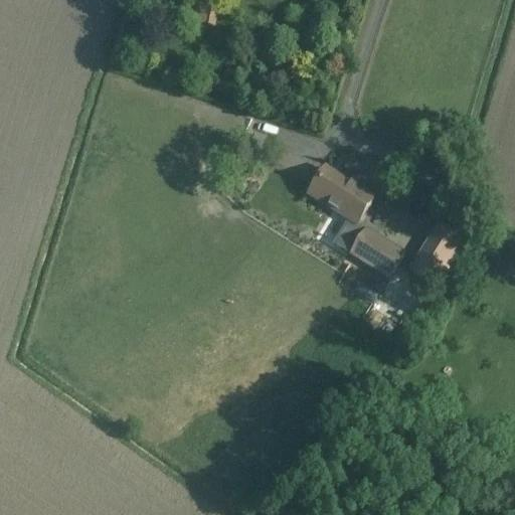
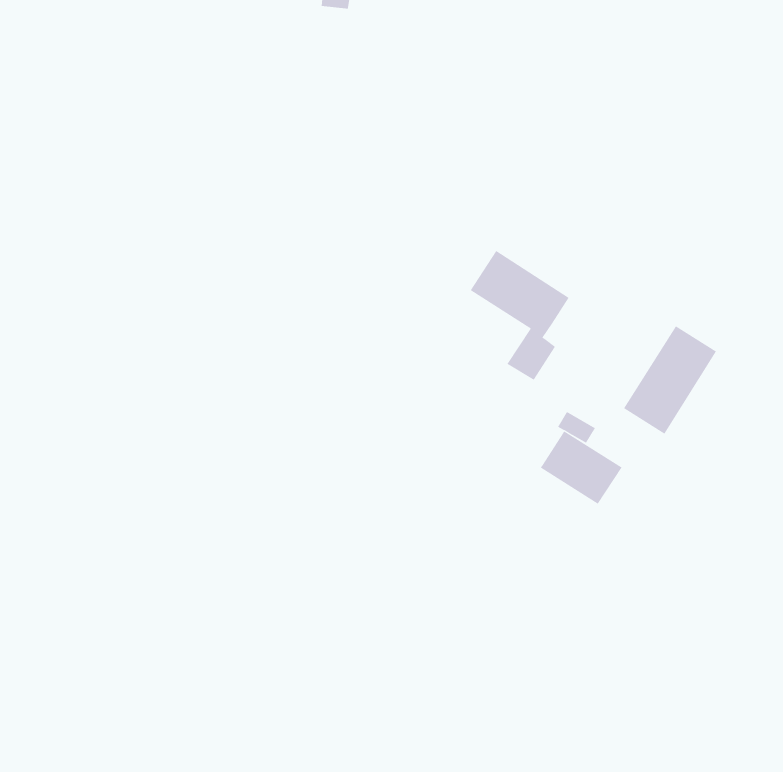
building: [349,226,403,275] -> [540,431,623,504]

